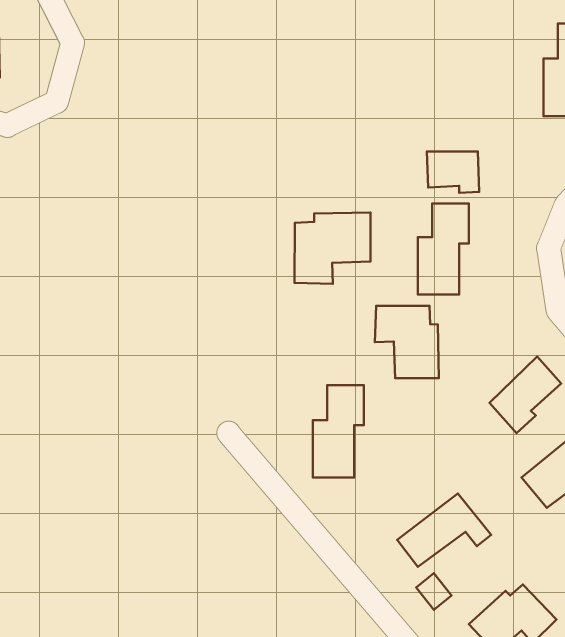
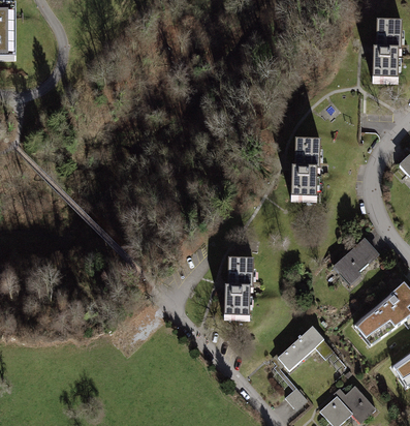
building: [427,151,479,193] -> none
building: [294,213,371,284] -> none
building: [375,306,439,378] -> none

